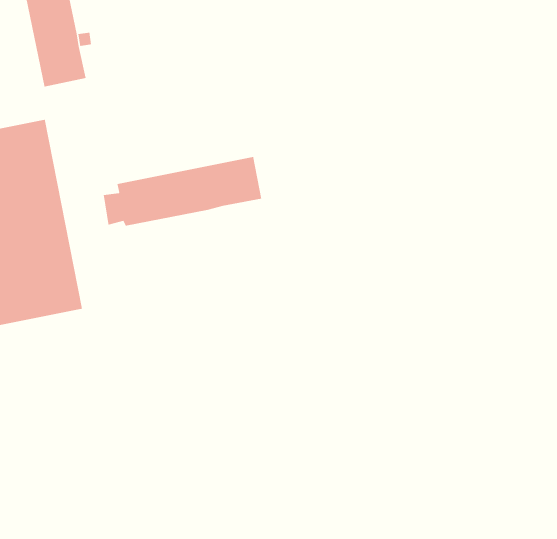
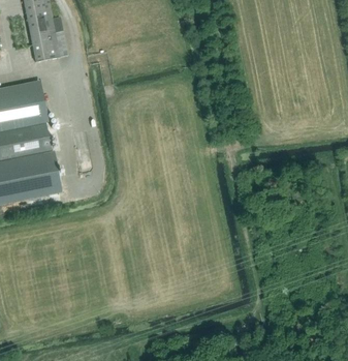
building: [103,156,262,227] -> none

